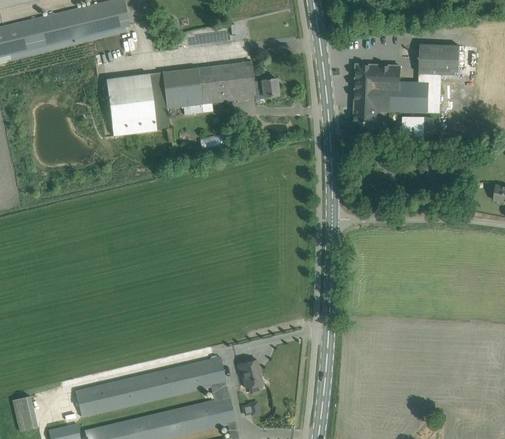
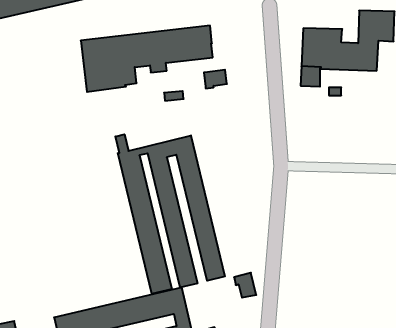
building: [253,78,279,99] -> [204,70,227,88]
building: none -> [115,134,225,294]
building: [238,359,263,387] -> [234,273,256,298]

